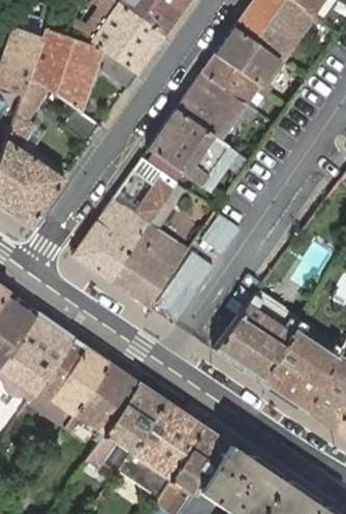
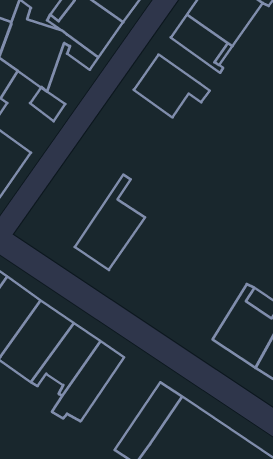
building: [202,53,270,102] -> none
building: [148,110,249,188] -> none
building: [73,156,178,280] -> none
building: [214,292,298,381] -> none
building: [119,400,205,501] -> none

